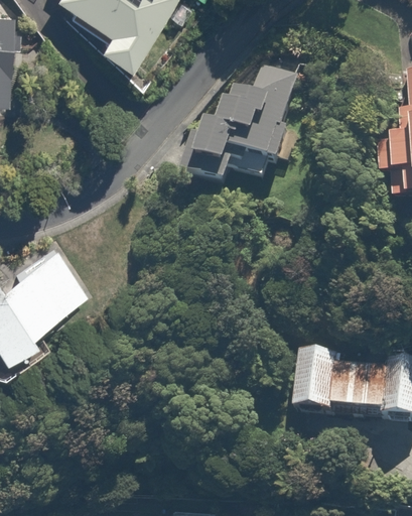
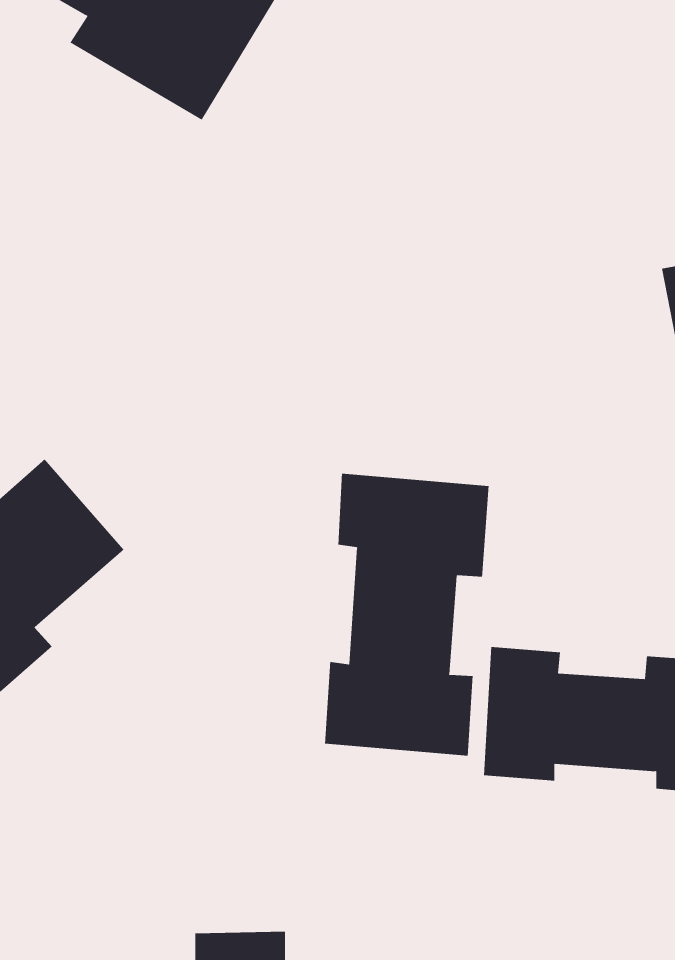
building: [179,66,297,189] -> none
building: none -> [325,473,489,756]

